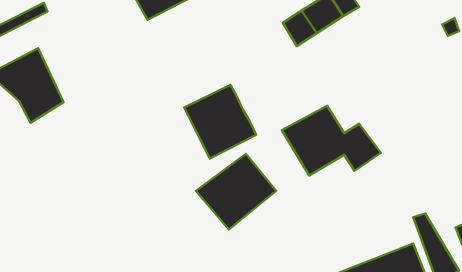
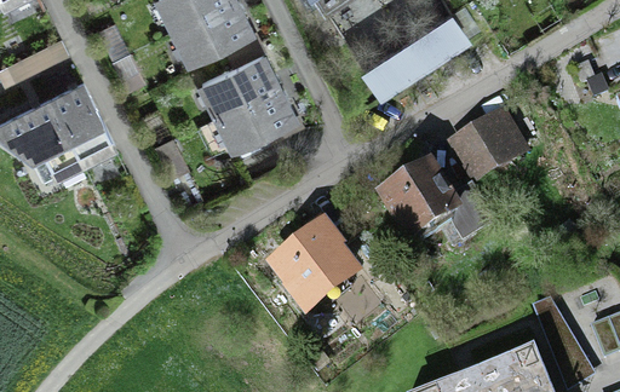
building: none -> [54,81,116,163]
building: none -> [446,116,530,195]
building: [184,85,256,159] -> [205,50,297,144]

